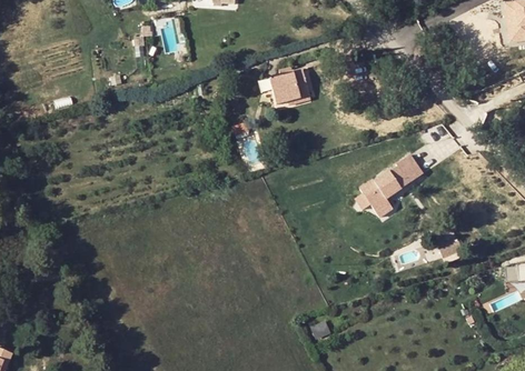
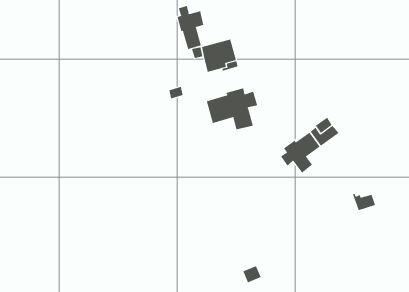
building: none -> [177,5,204,50]
building: none -> [206,88,258,130]

